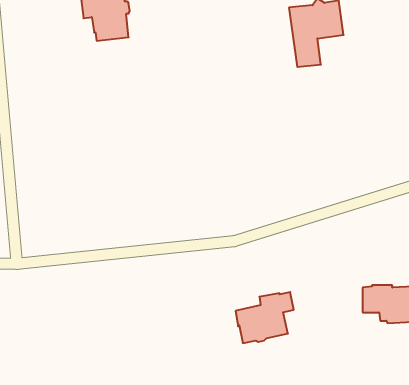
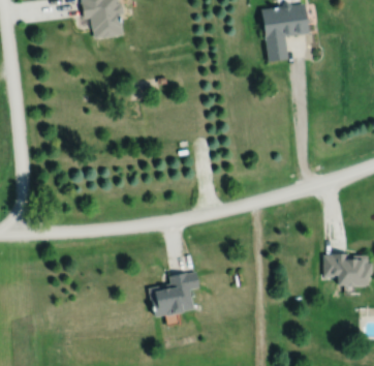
building: [236,292,294,343] -> [150,271,200,315]

